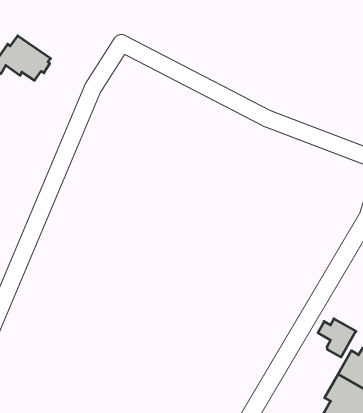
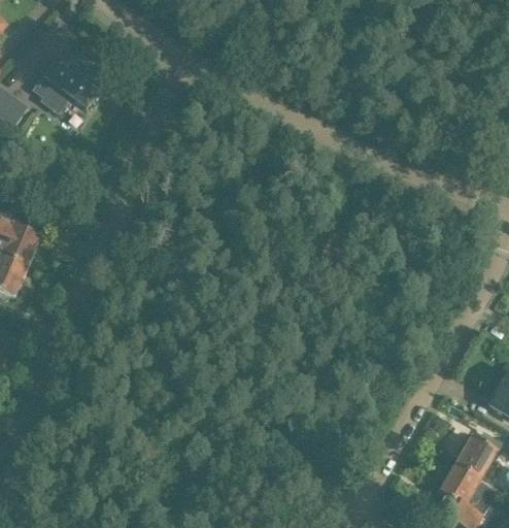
building: [318,319,356,357] -> none

